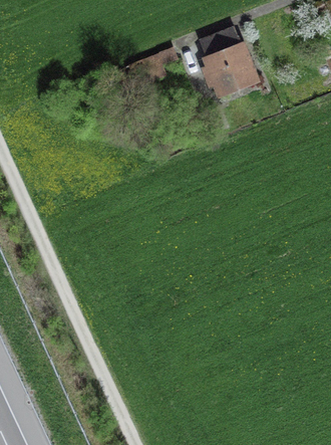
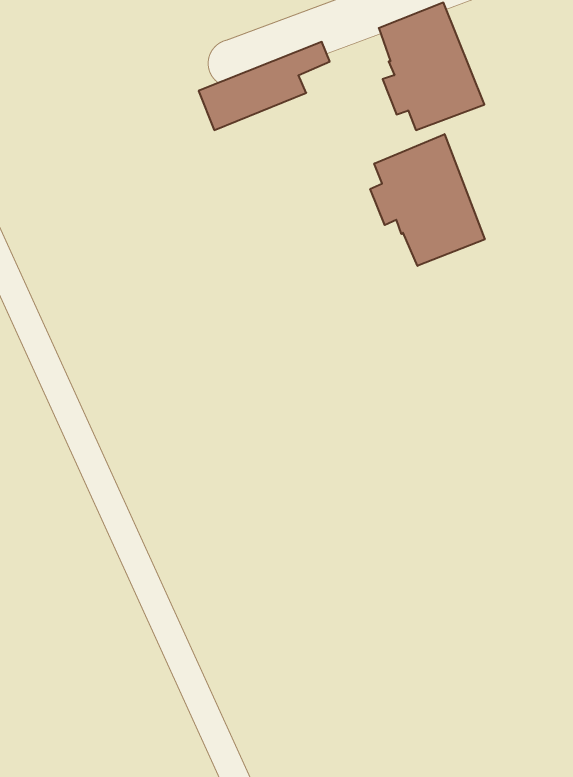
building: none -> [370,134,485,266]

